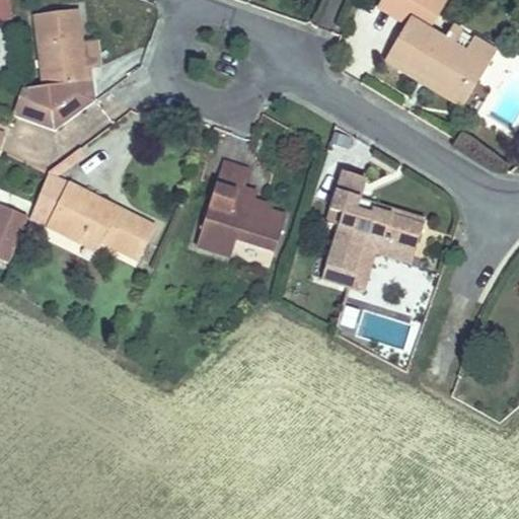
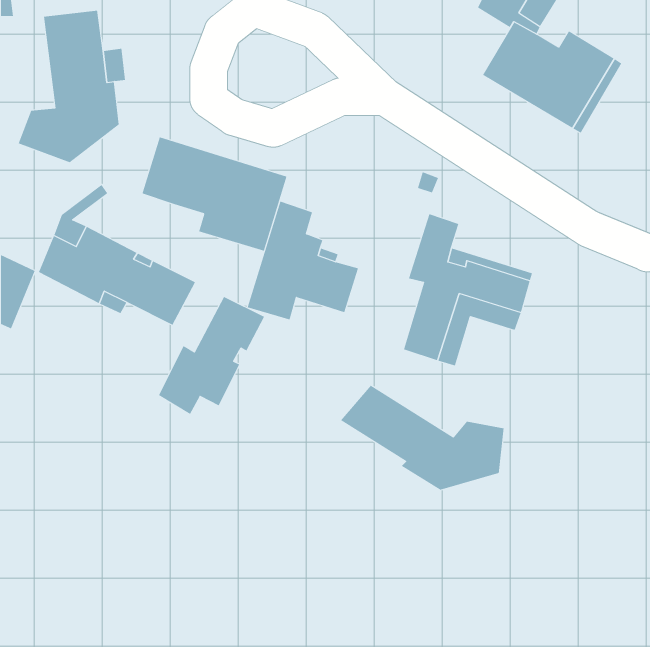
building: none -> [142,137,287,252]
building: none -> [158,296,265,415]
building: none -> [340,385,504,490]

